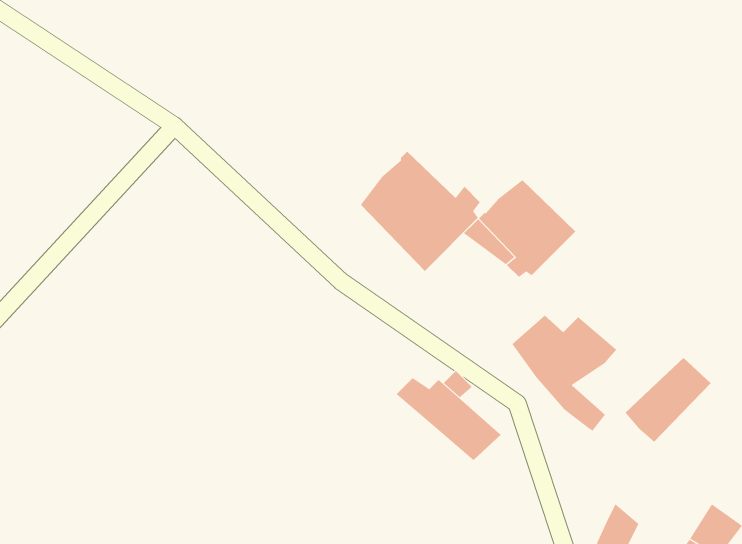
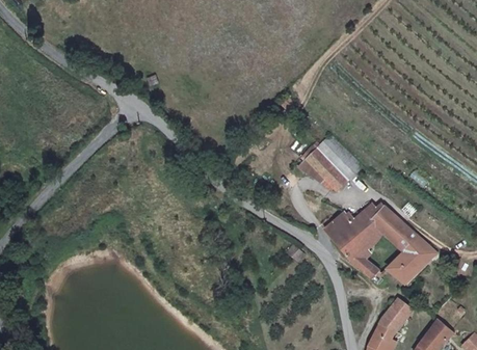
building: [360,151,481,272] -> none
building: [396,377,501,461] -> [362,204,421,250]
building: none -> [382,297,412,329]

